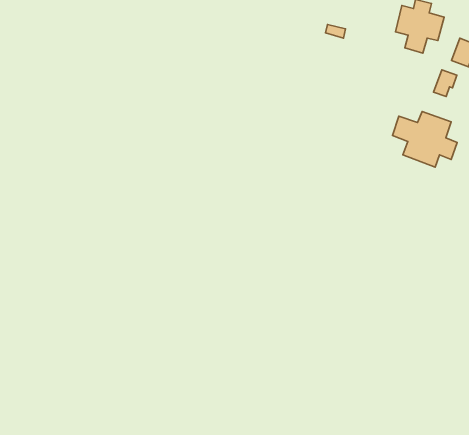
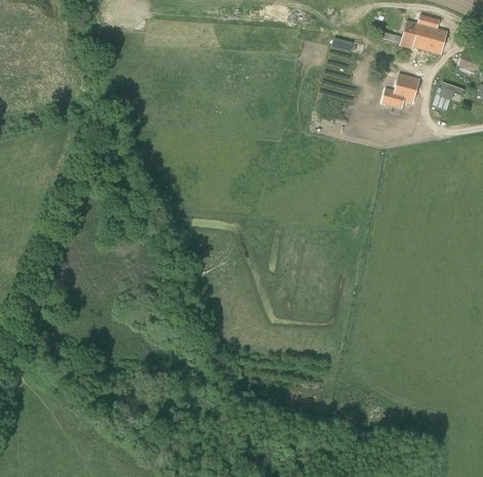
building: none -> [393,73,419,102]
building: [392,112,457,167] -> none

